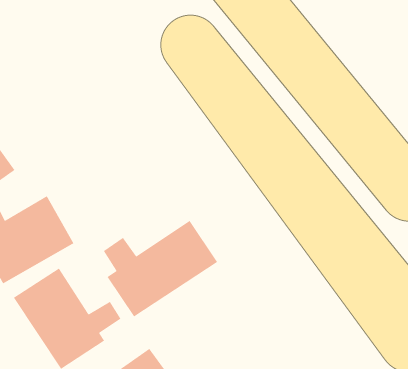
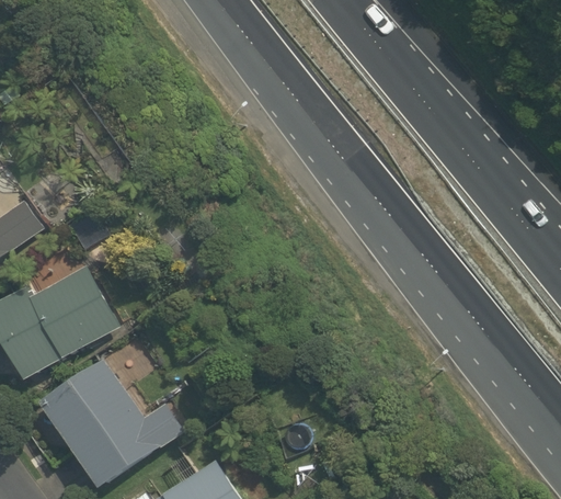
building: [103,220,218,318] -> none

